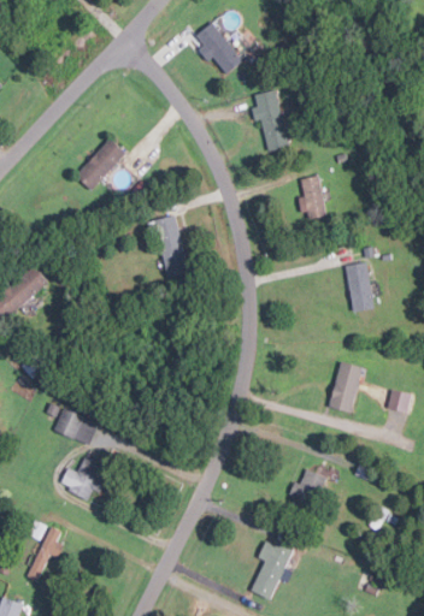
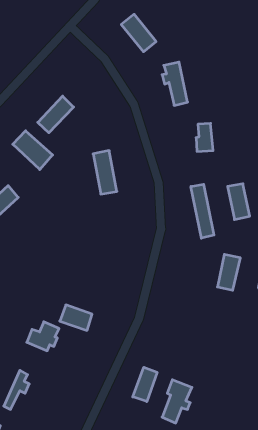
building: none -> [13,131,53,170]
building: none -> [191,184,214,238]
building: [54,408,100,444] -> [60,305,92,330]
building: [289,468,324,509] -> none
building: none -> [133,367,157,402]

